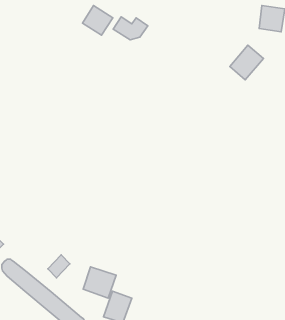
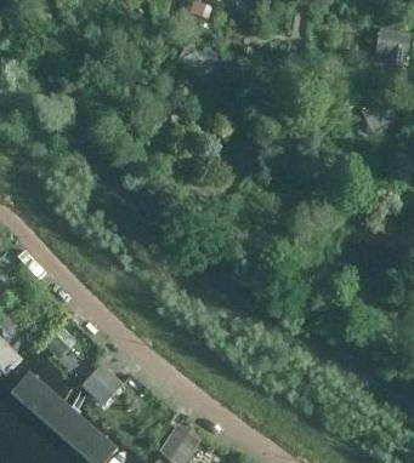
building: [83,6,113,35] -> none
building: [83,267,116,298] -> none

